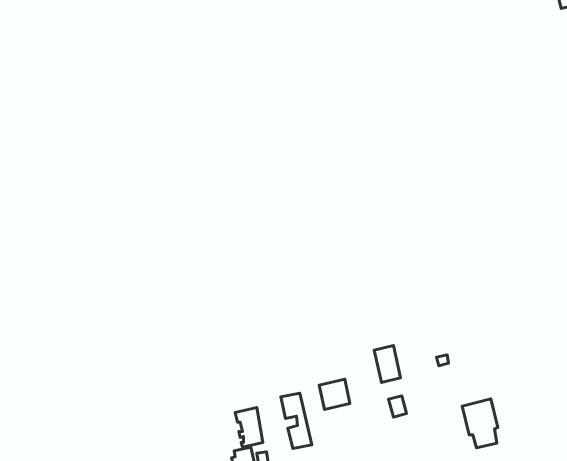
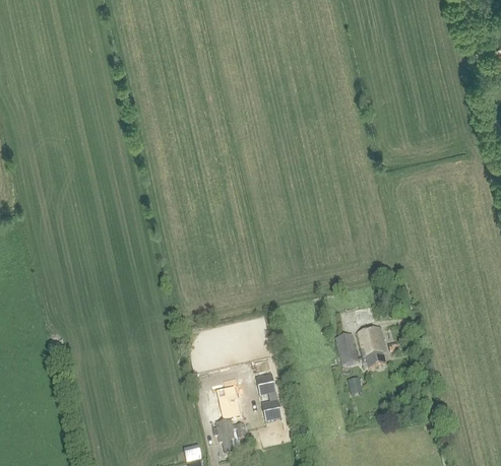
building: [319,379,350,409] -> none
building: [462,399,498,448] -> [356,325,386,367]

